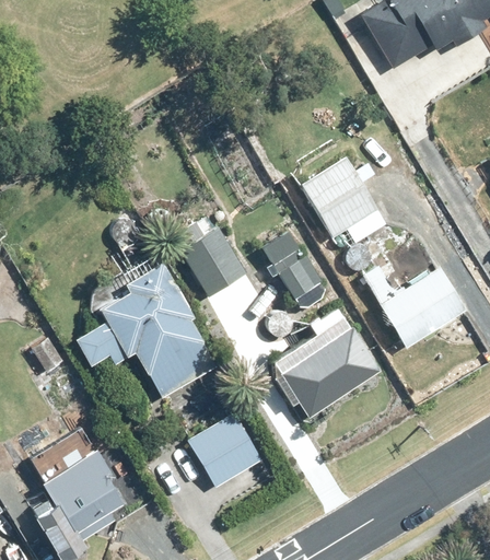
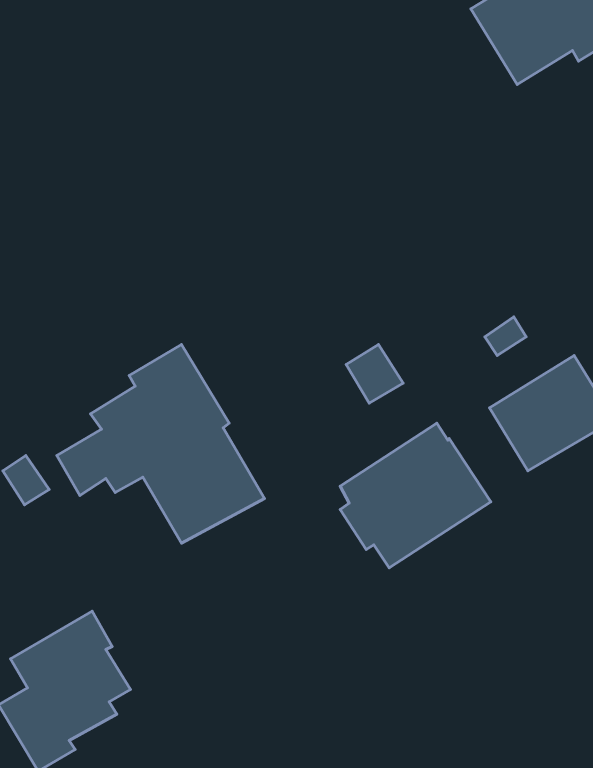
building: [301,155,388,248] -> none
building: [180,225,249,296] -> none
building: [188,412,261,487] -> none

